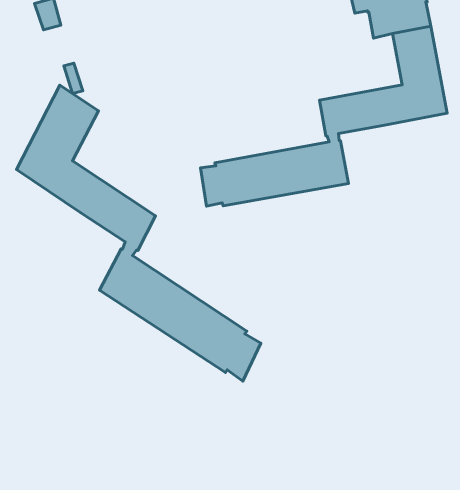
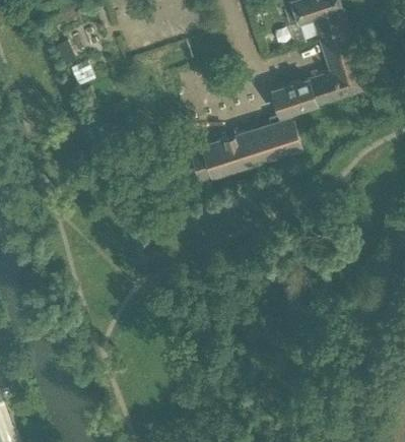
building: [17,85,261,381] -> none

